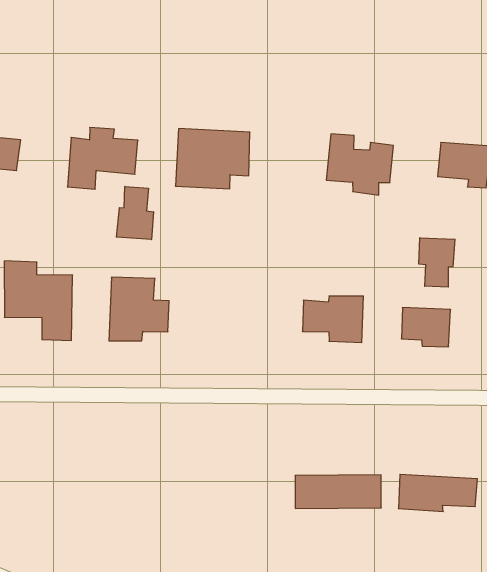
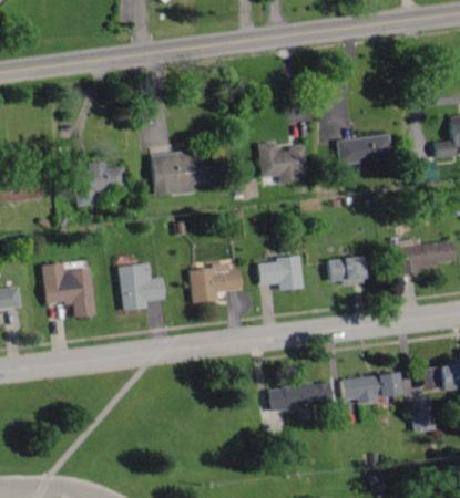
building: [116,186,153,240] -> none
building: [419,238,455,287] -> none
building: none -> [188,263,243,302]

